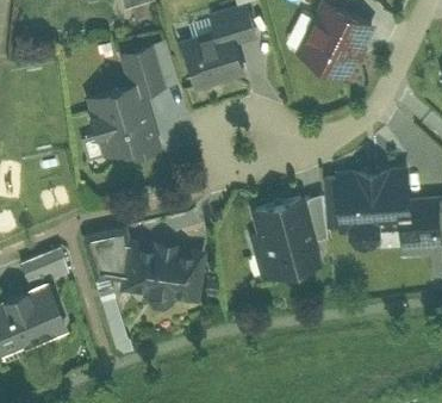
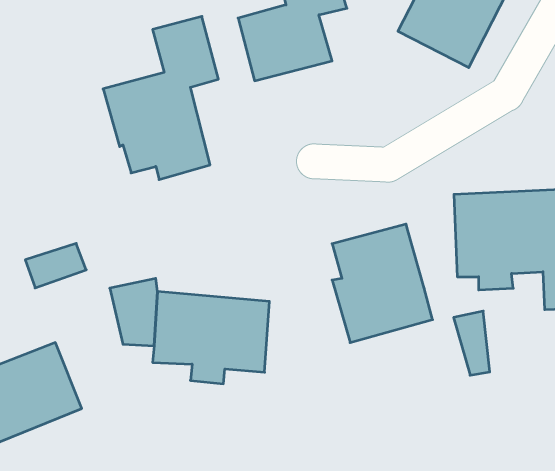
building: [303,194,329,241] -> [454,311,490,375]
building: [23,248,67,280] -> [25,243,86,288]

